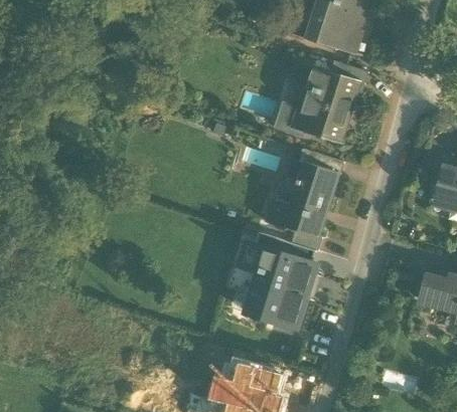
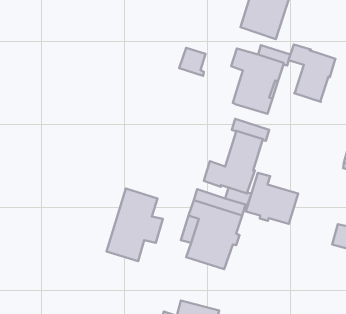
building: none -> [289,44,336,102]
building: [275,102,306,136] -> [179,48,206,76]
building: none -> [246,173,298,224]
building: none -> [106,189,163,261]

